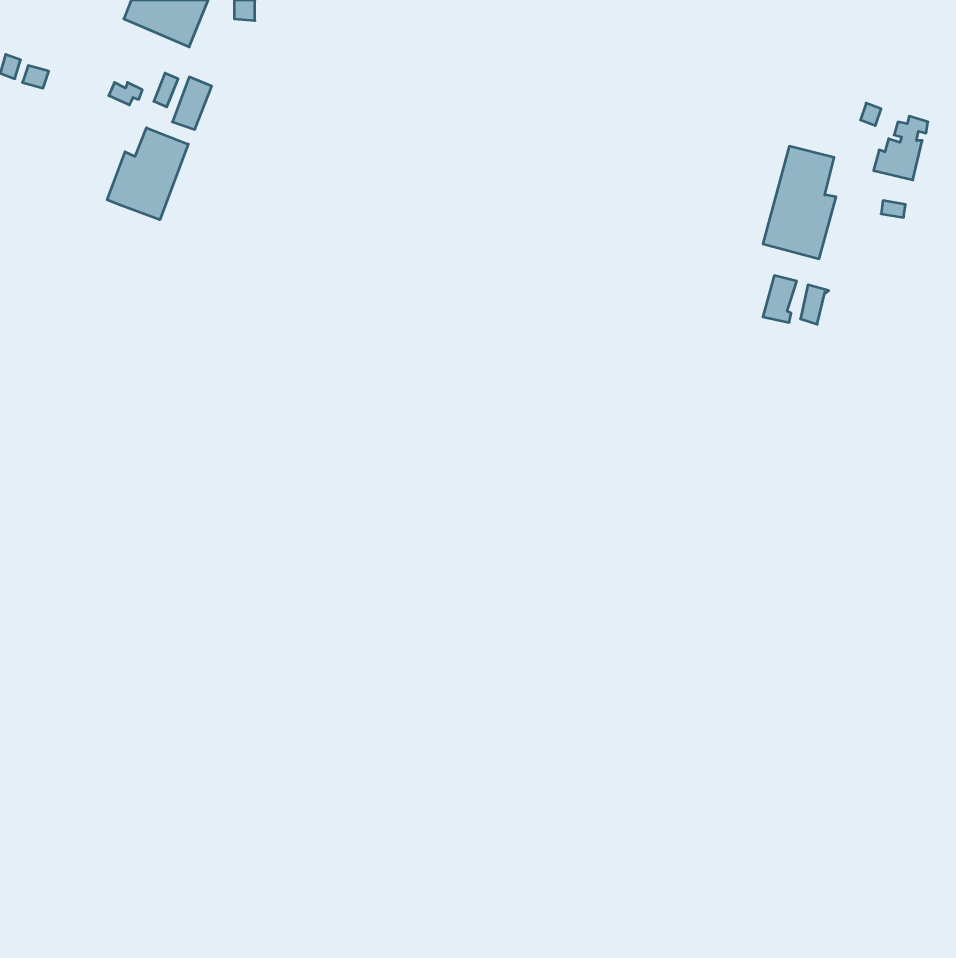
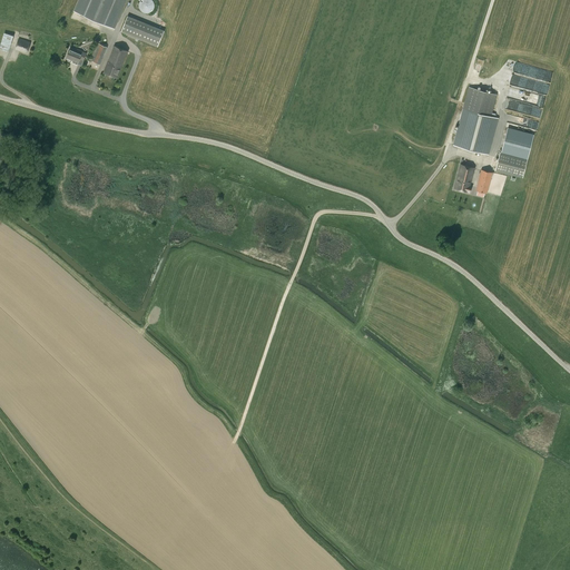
building: none -> [121,17,164,47]
building: [107,128,188,220] -> none
building: none -> [494,128,533,177]

